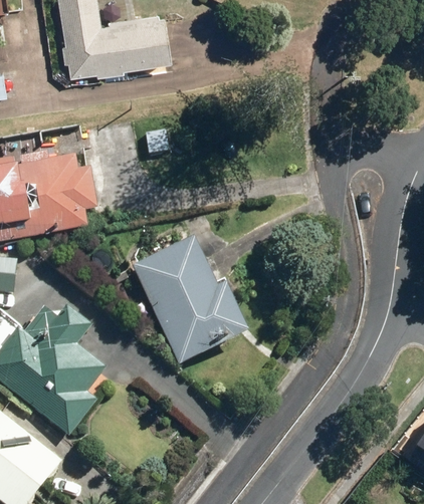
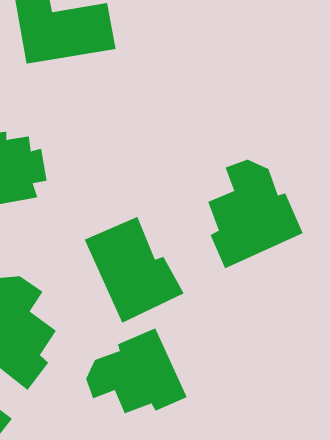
building: none -> [208,159,303,269]
building: none -> [86,327,187,414]

